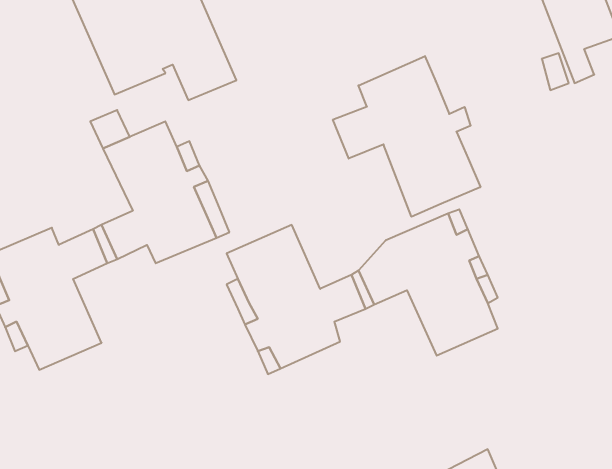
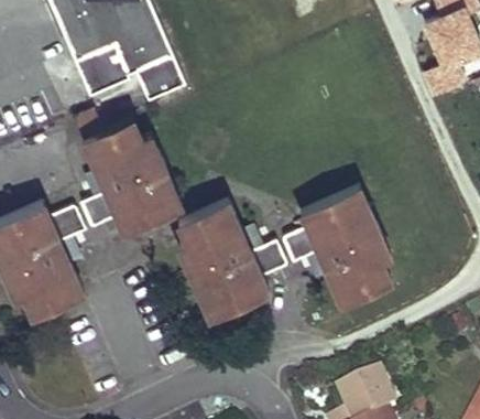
building: [333,56,480,217] -> none

